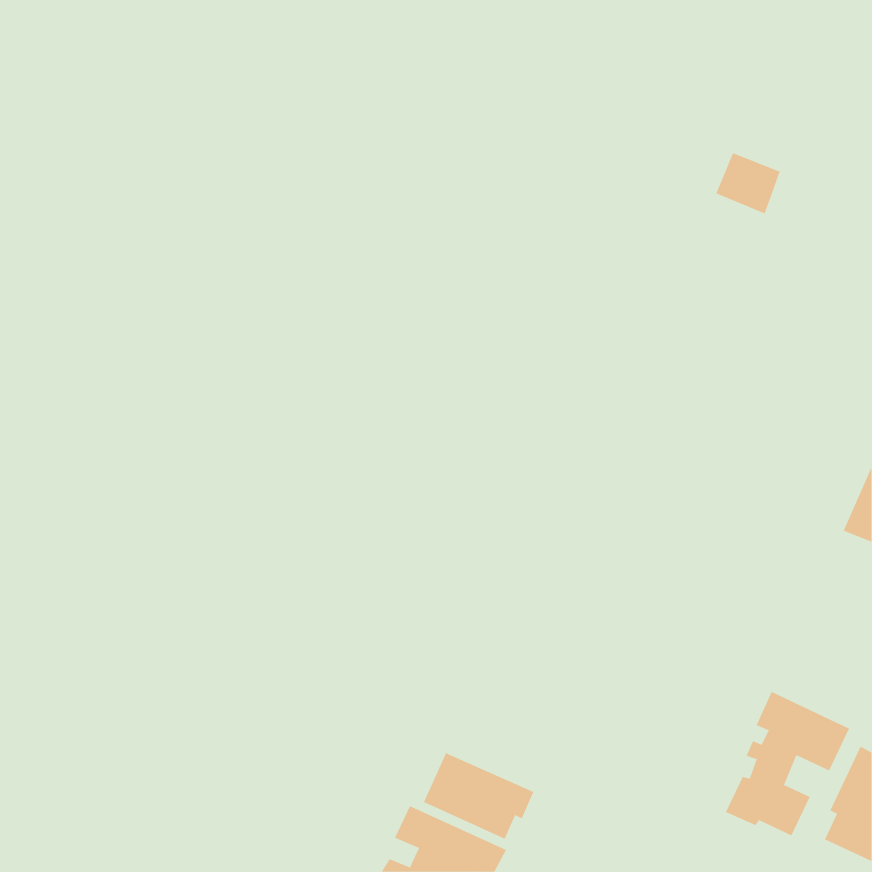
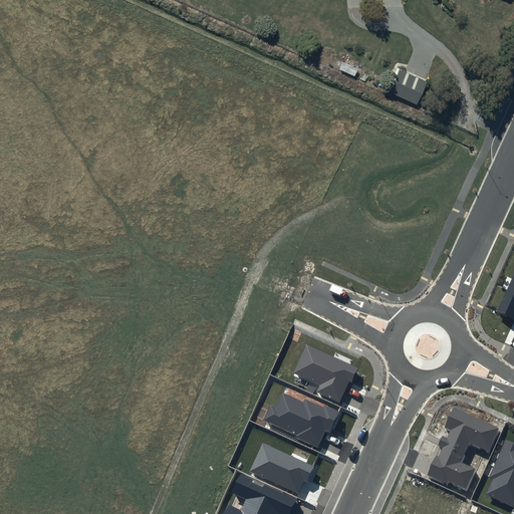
building: [716,153,780,214] -> [386,65,424,101]
building: none -> [293,344,358,403]
building: none -> [263,393,340,448]

